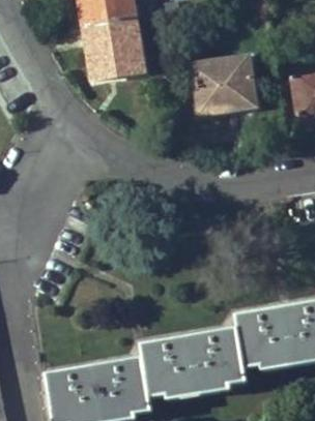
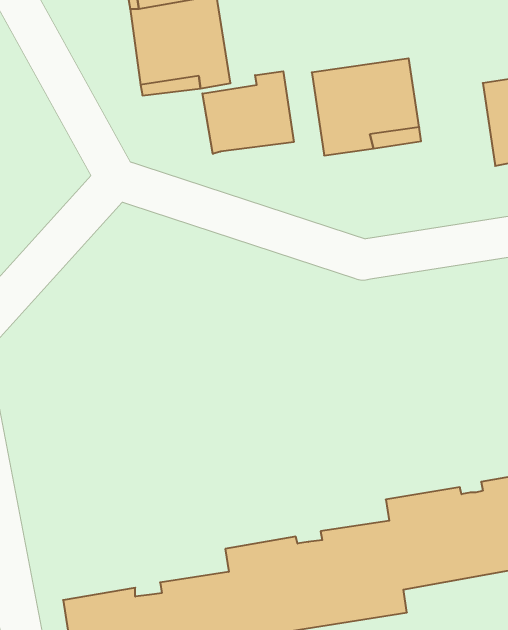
building: none -> [202,71,294,154]

